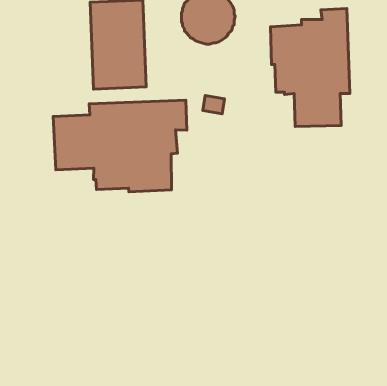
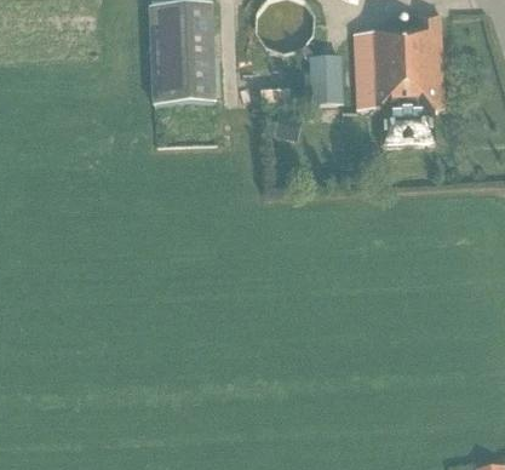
building: none -> [310,58,342,104]
building: [53,100,187,192] -> none

